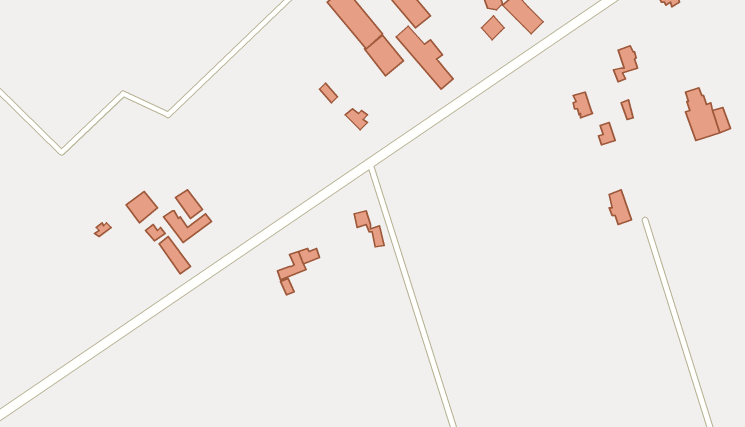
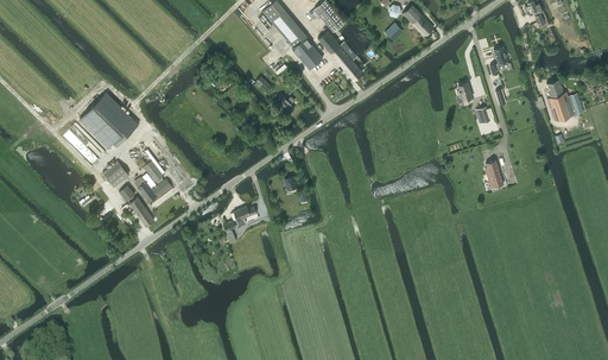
building: none -> [80,93,138,147]

